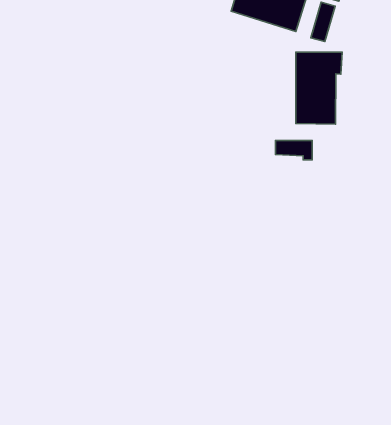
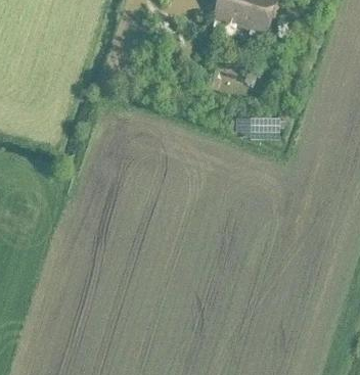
building: [296,52,342,124] -> none

